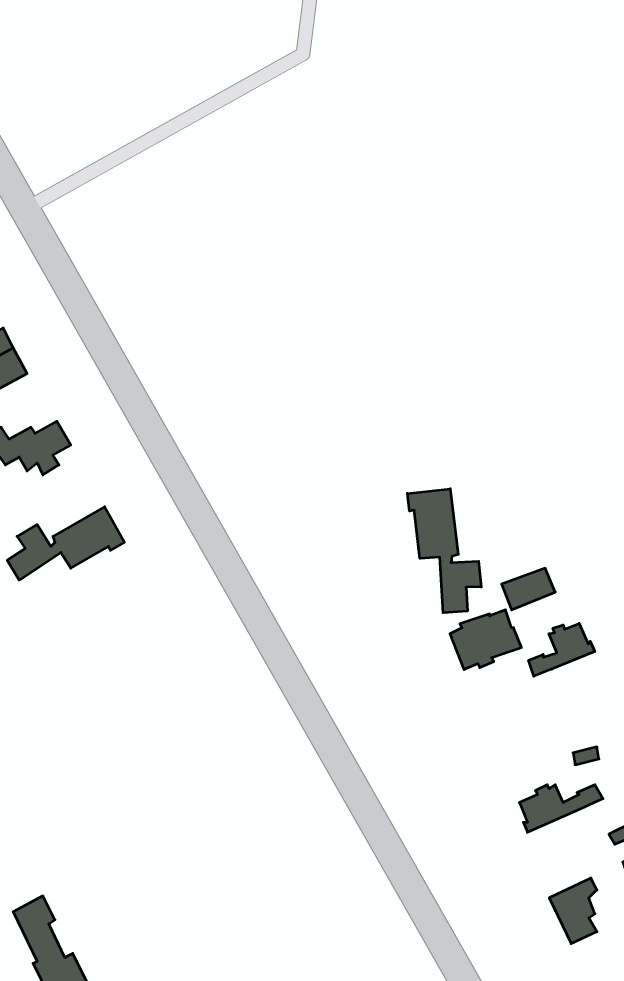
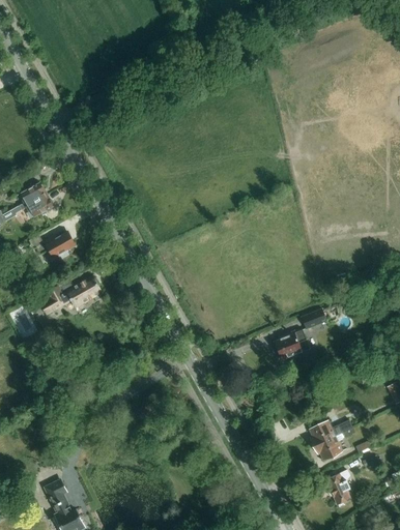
building: [407,489,481,613] -> none
building: [529,623,595,676] -> none
building: none -> [314,429,355,461]

